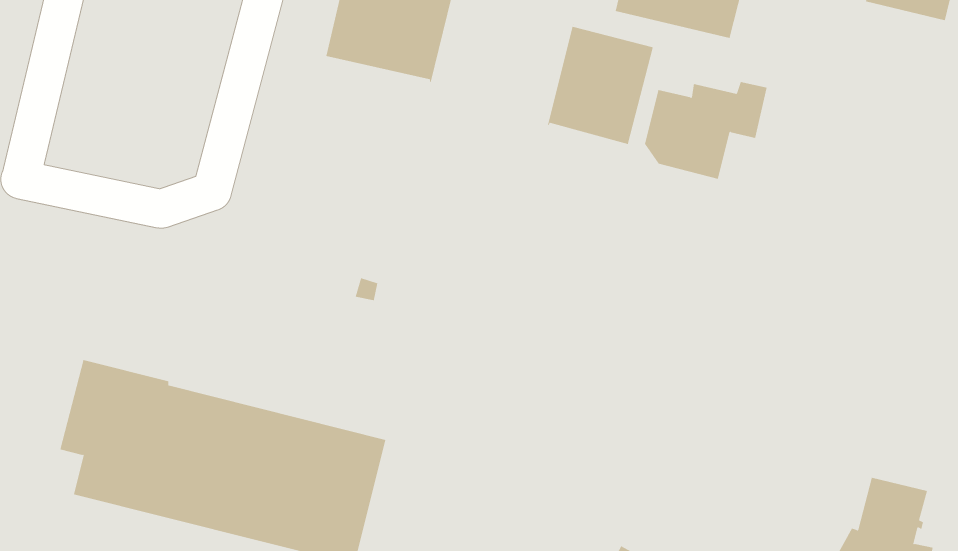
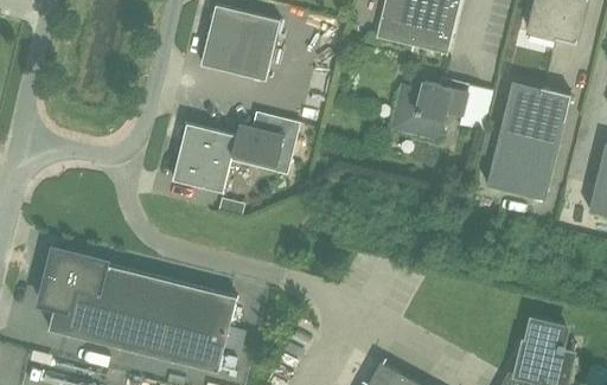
building: [547,24,654,145] -> none
building: none -> [485,79,570,200]
building: none -> [172,111,300,192]

